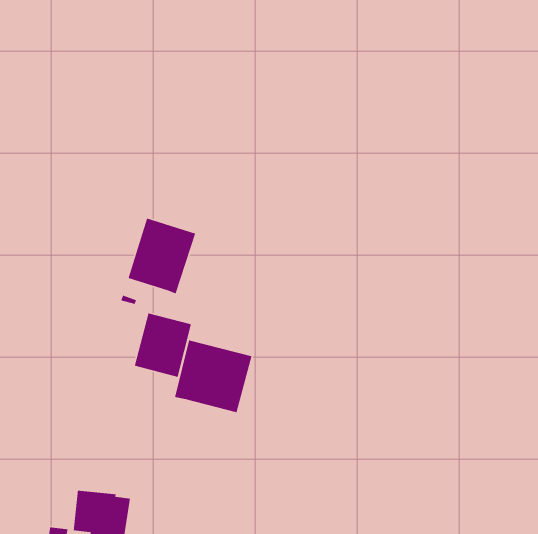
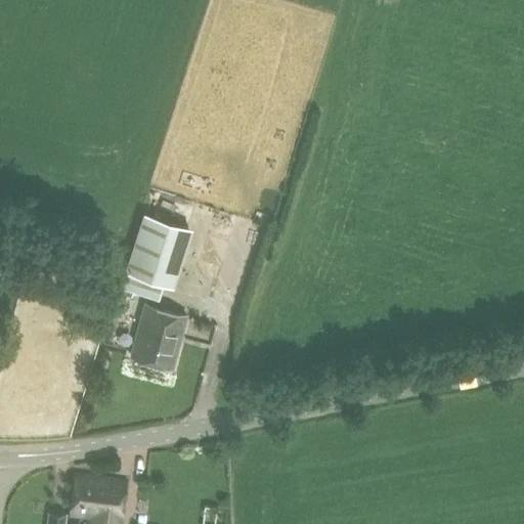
building: [174,339,253,413] -> none

